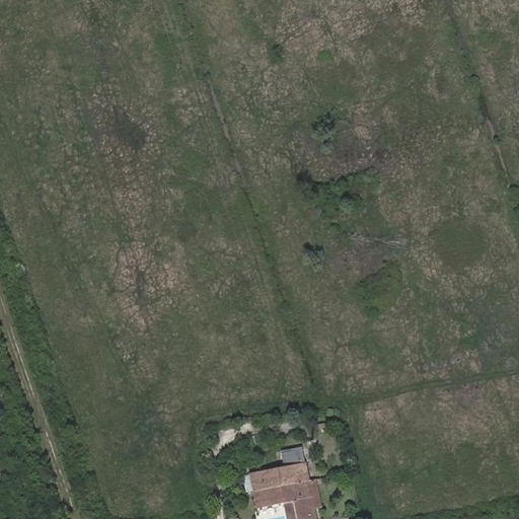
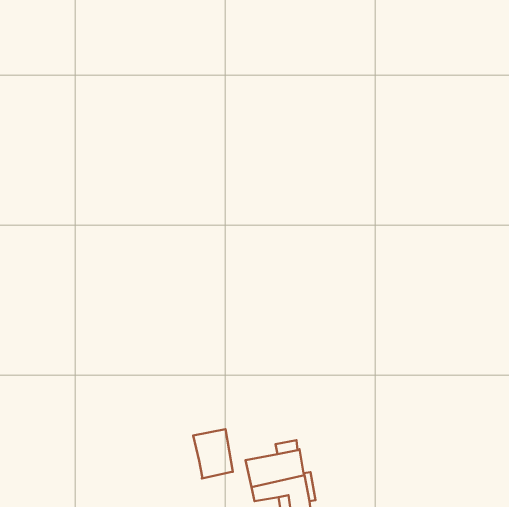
building: none -> [193,429,233,478]

